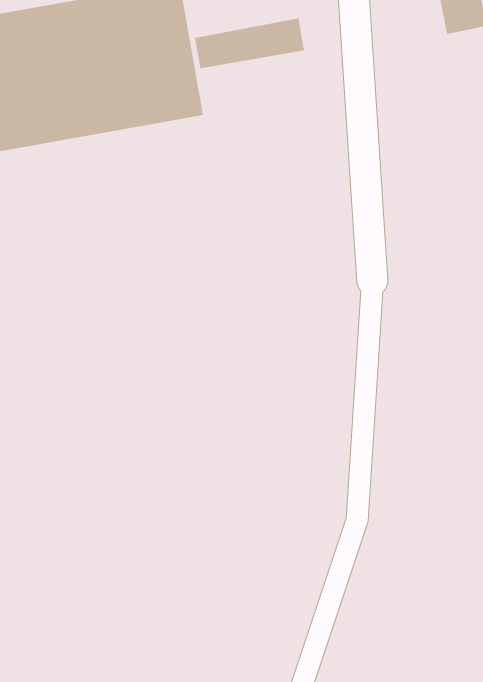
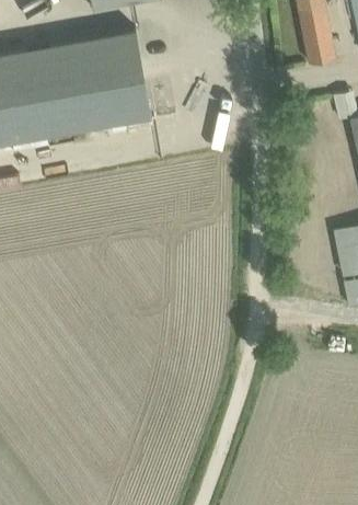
building: [194,18,305,69] -> none

